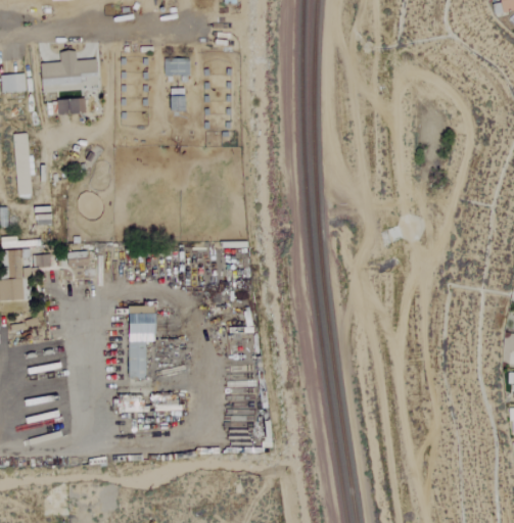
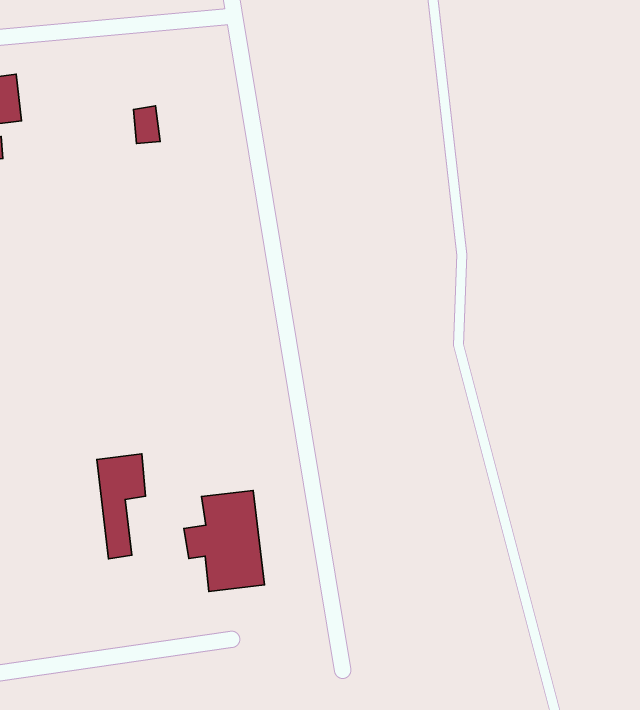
building: [165,57,191,76] -> none
building: none -> [184,490,264,591]

